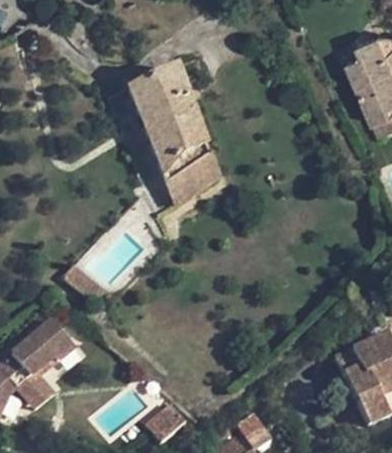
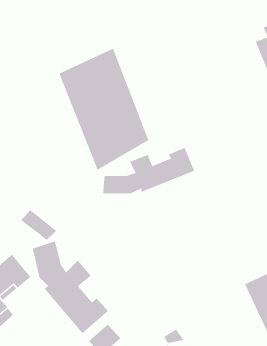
building: none -> [102,147,195,194]
building: none -> [32,240,109,334]

